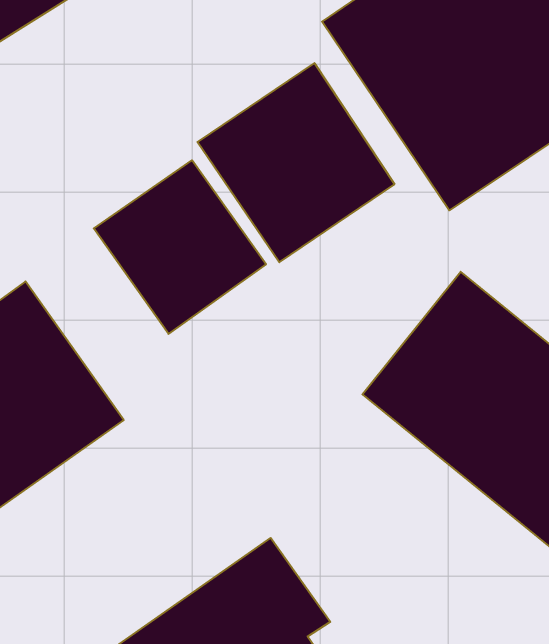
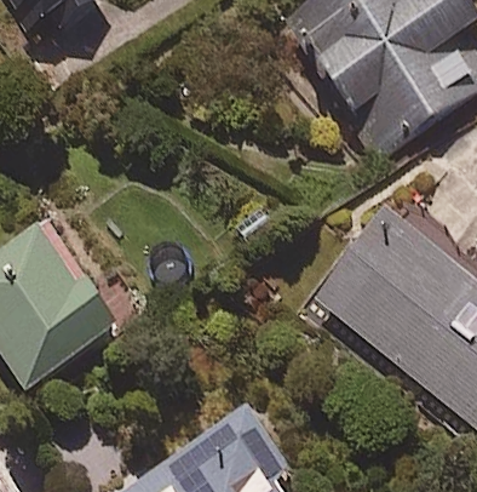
building: [197,63,394,262] -> none
building: [94,160,266,334] -> none

